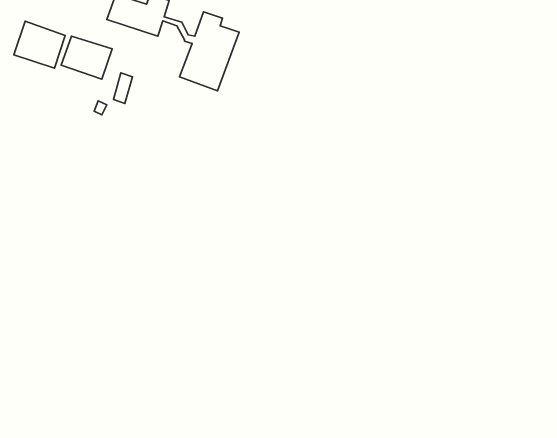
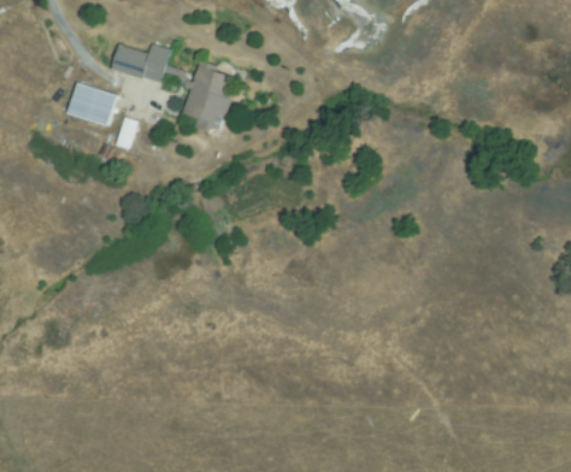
building: [14,21,65,68] -> none

